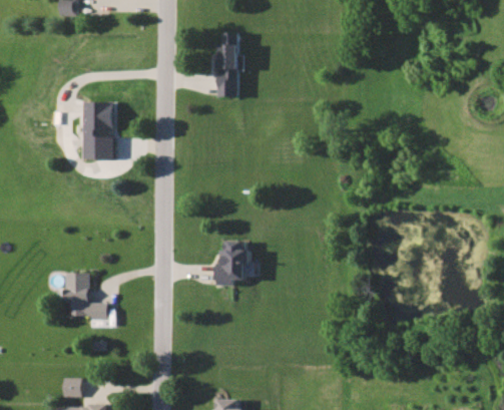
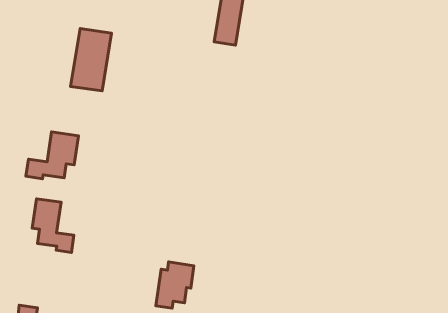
building: none -> [26,132,78,179]
building: [217,242,248,286] -> [156,262,194,308]

